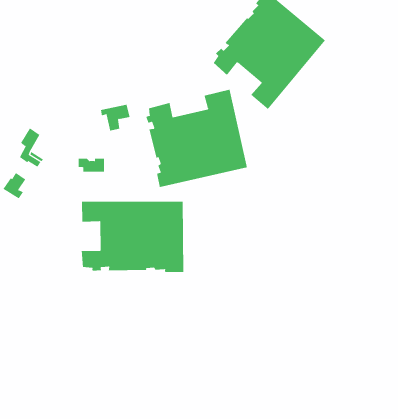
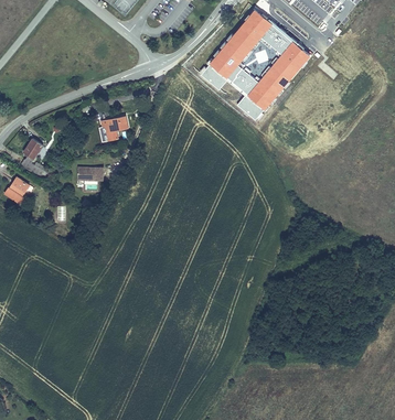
building: [146,89,247,188] -> none
building: [81,201,184,273] -> none

